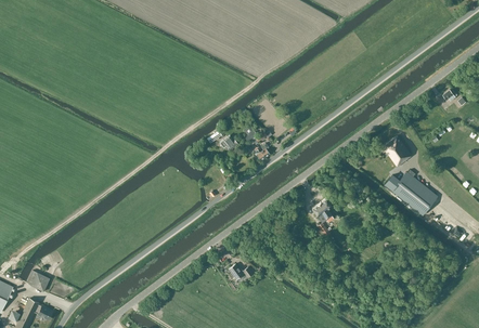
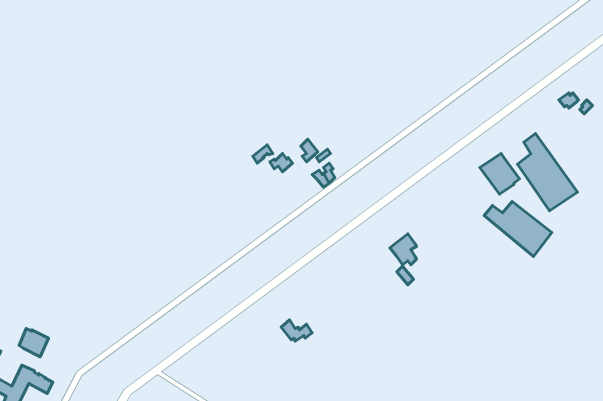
building: none -> [518,134,578,211]

